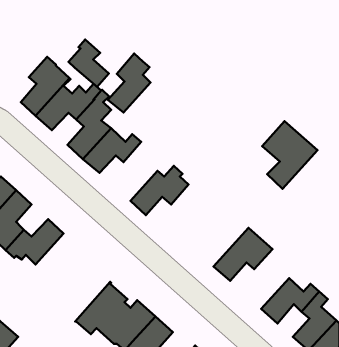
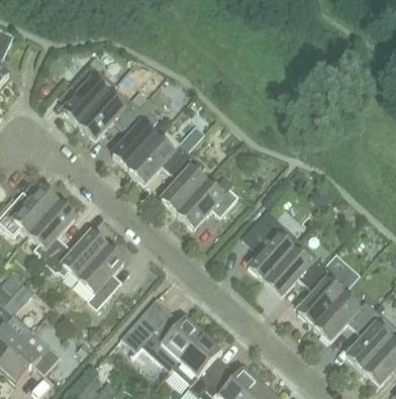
building: [68,40,109,87] -> none
building: [108,54,151,113] -> [161,151,205,212]
building: [262,121,317,189] -> [242,210,300,281]
building: none -> [78,246,123,308]
building: none -> [297,263,342,325]

